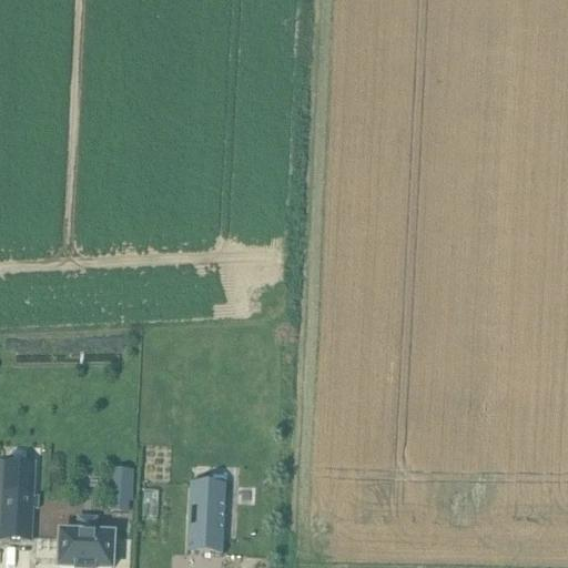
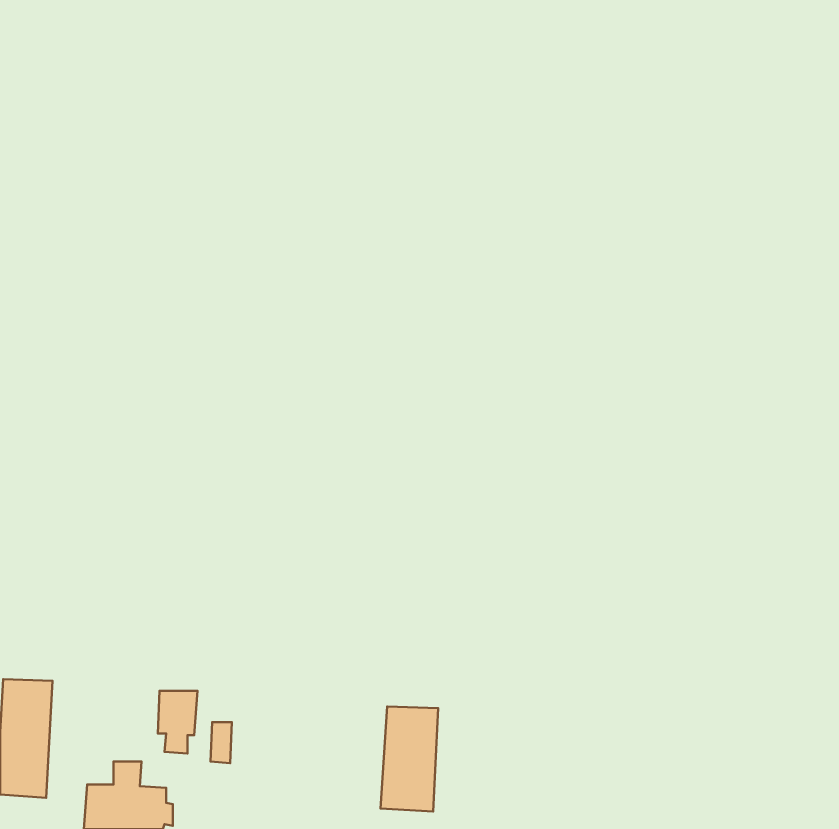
building: [186,480,225,551] -> [381,706,438,812]

